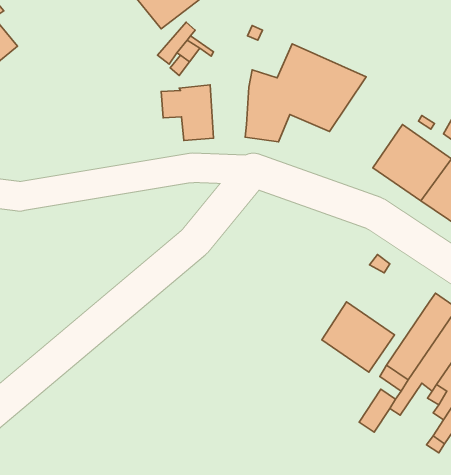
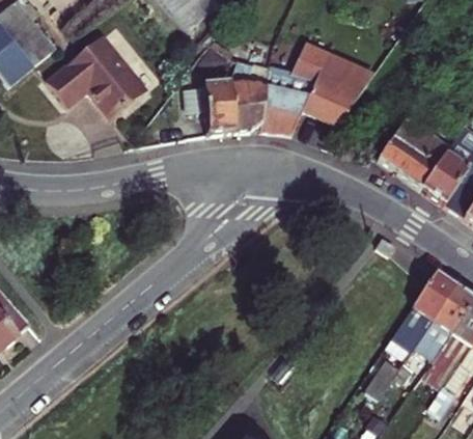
building: none -> [47,35,145,118]
building: none -> [230,58,269,130]
building: [322,302,395,372] -> none

